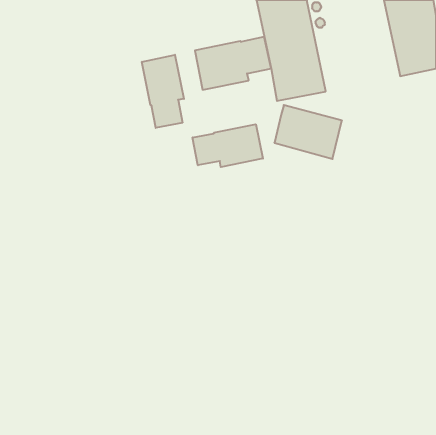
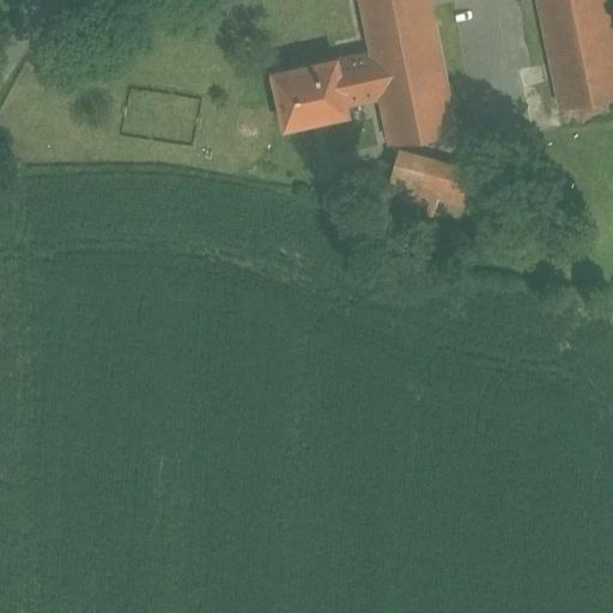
building: [142,55,184,128] -> none
building: [193,124,263,167] -> none

